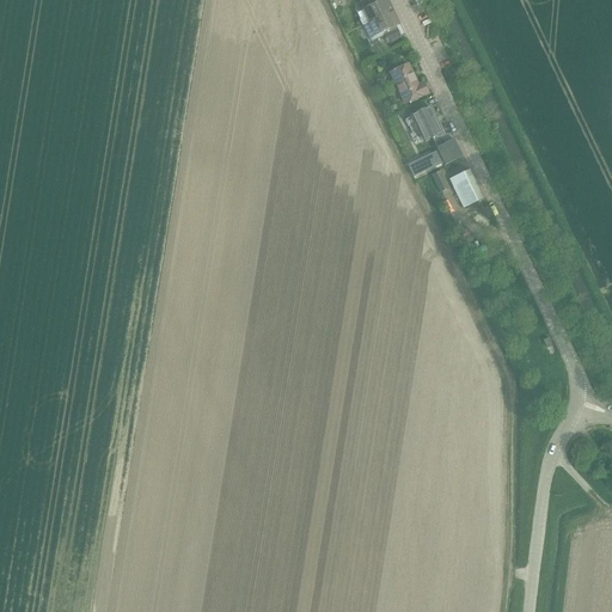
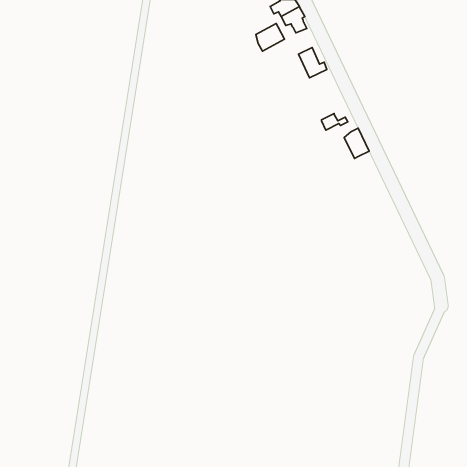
building: none -> [256,23,285,51]
building: [409,104,442,140] -> none

